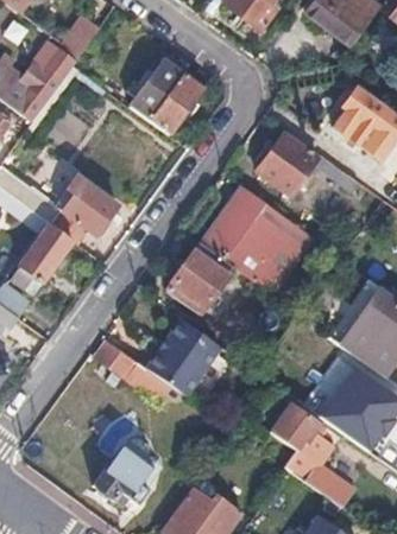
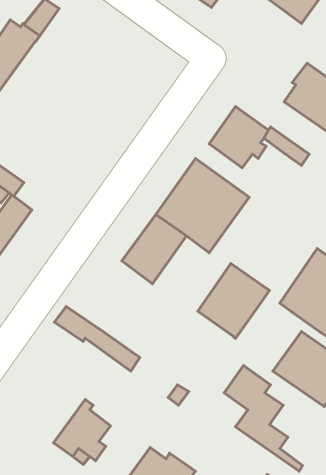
building: [131,59,202,135] -> none
building: [51,174,118,244] -> none
building: [146,318,221,396] -> [198,263,269,338]

